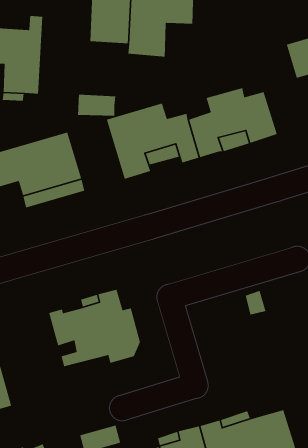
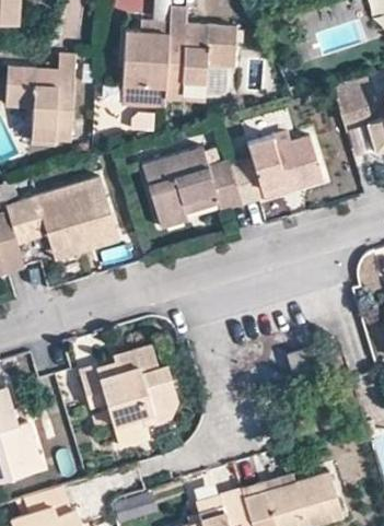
building: [77,94,116,116] -> [124,83,165,107]

